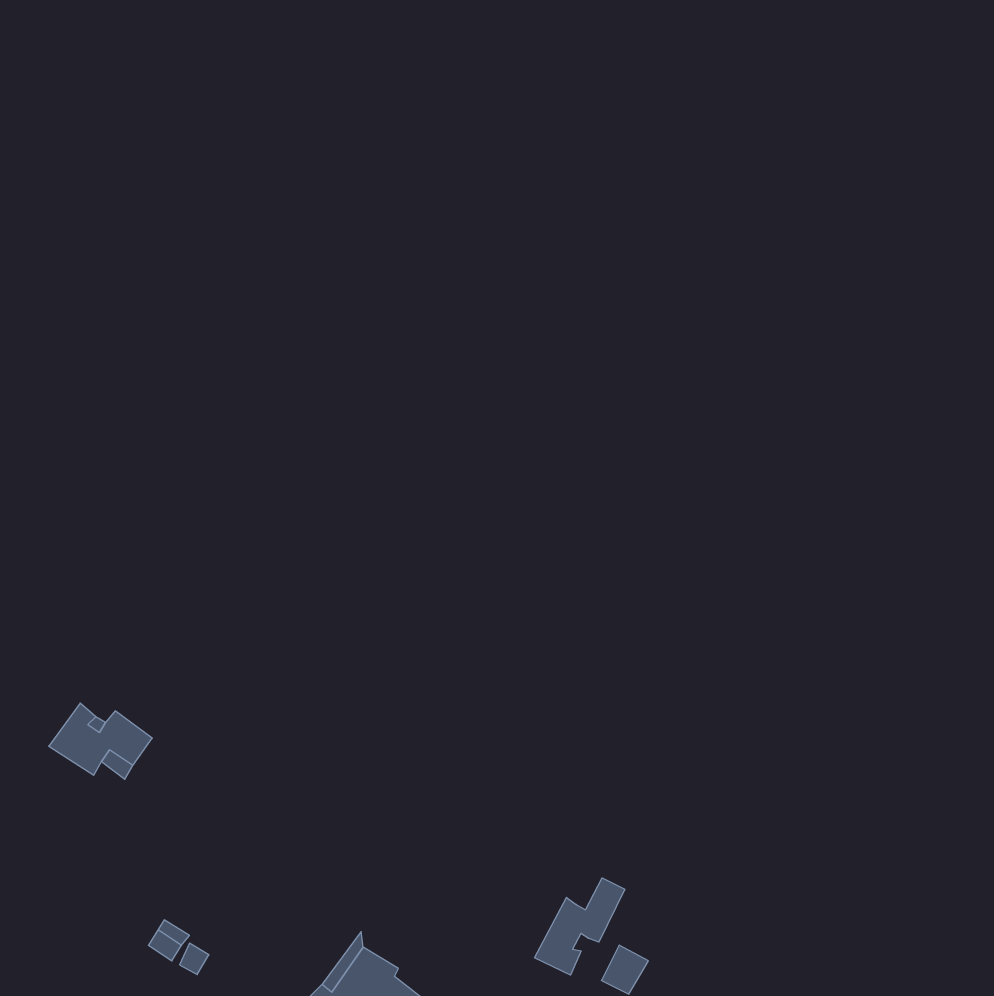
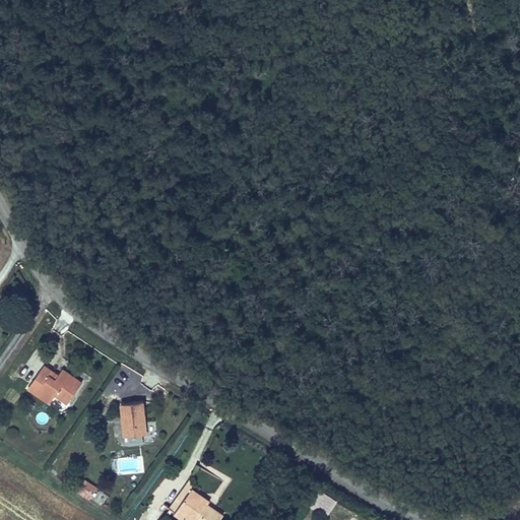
building: none -> [122,401,146,437]
building: [535,878,625,975] -> none

